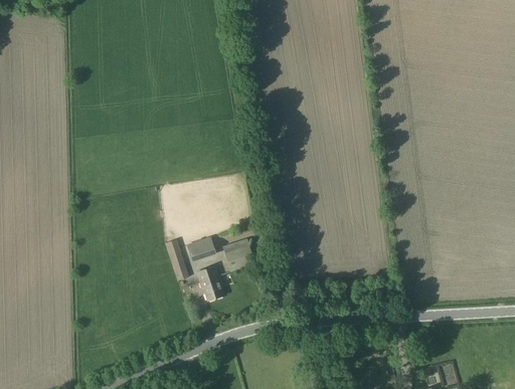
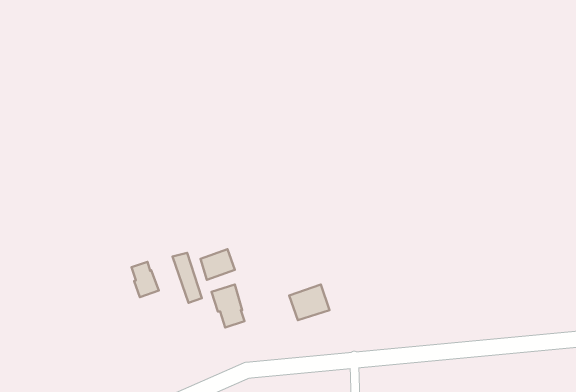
building: [222,244,255,273] -> [289,285,329,320]
building: none -> [131,262,159,297]

